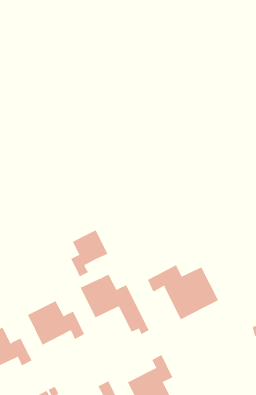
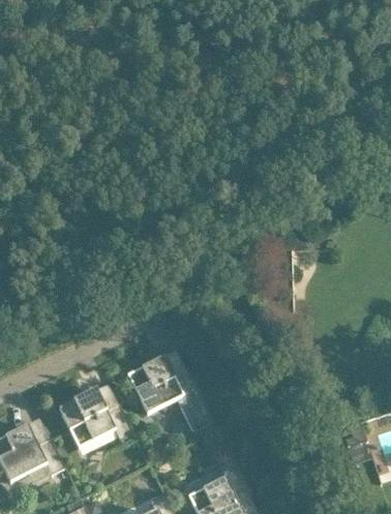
building: [70,230,108,277] -> none
building: [147,264,219,320] -> none

